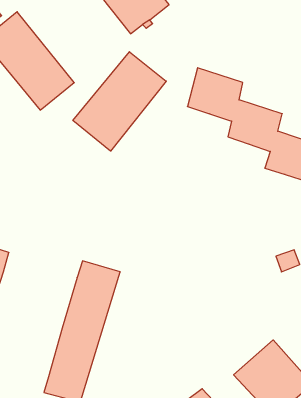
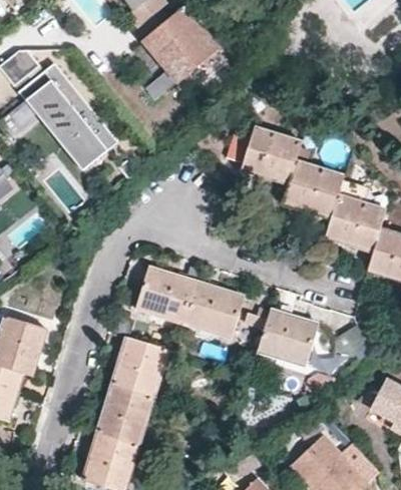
building: [73,52,166,151] -> none
building: none -> [135,266,244,336]
building: none -> [256,305,317,363]

